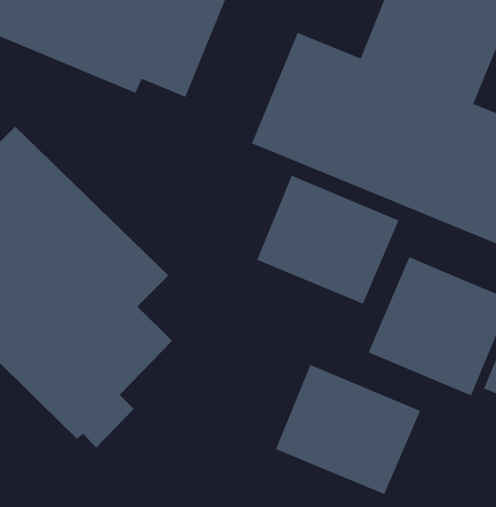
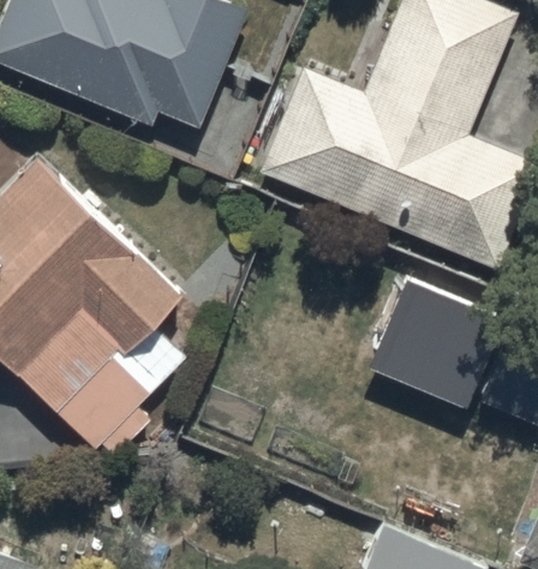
building: [256,175,399,305] -> none
building: [275,364,421,495] -> none

